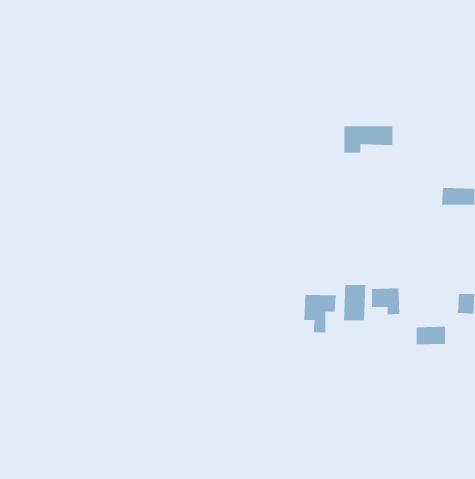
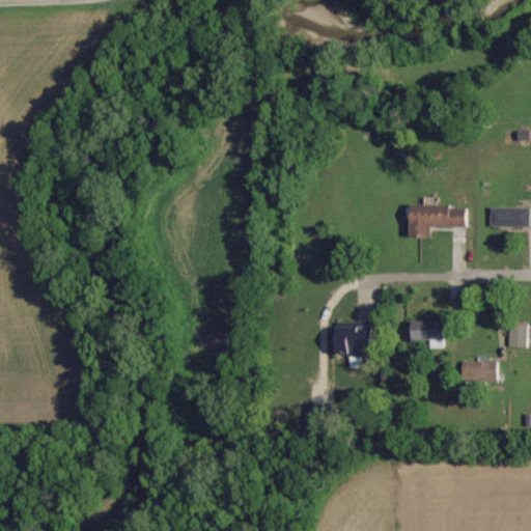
building: [344,126,393,153] -> [410,205,465,235]
building: [344,284,366,321] -> none

